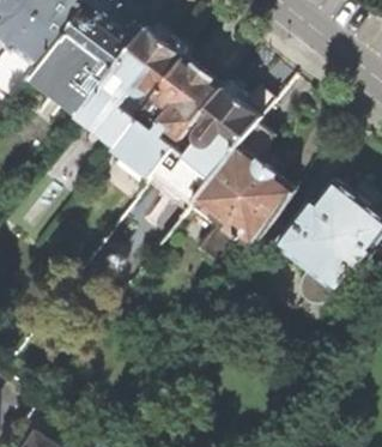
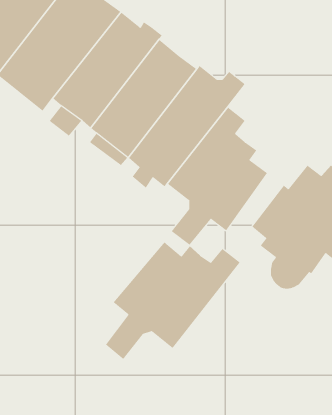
building: none -> [105,242,241,360]

